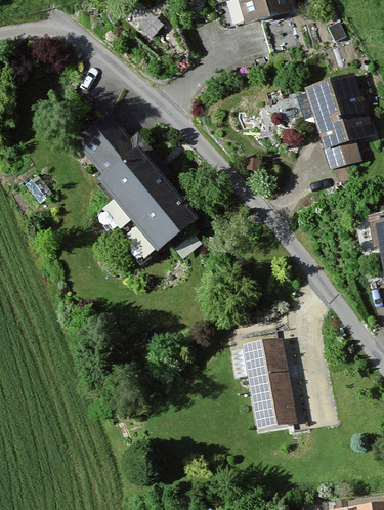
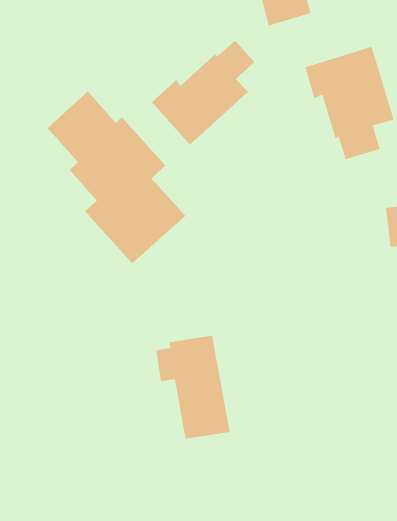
building: none -> [151,40,255,145]
building: [233,338,299,429] -> [156,335,231,439]

